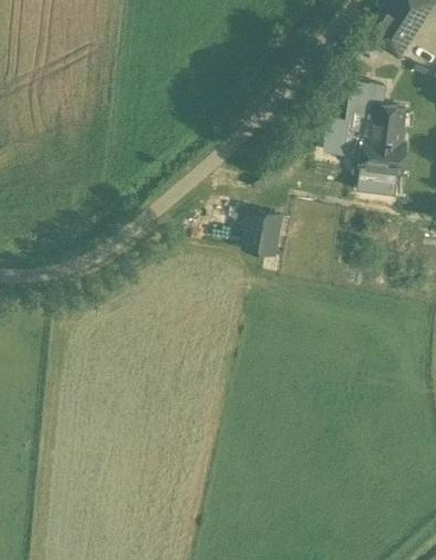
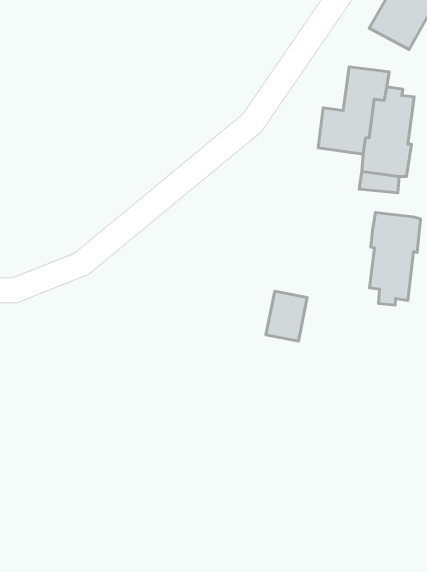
building: none -> [370,212,420,305]
building: [245,213,281,257] -> [266,291,307,341]

